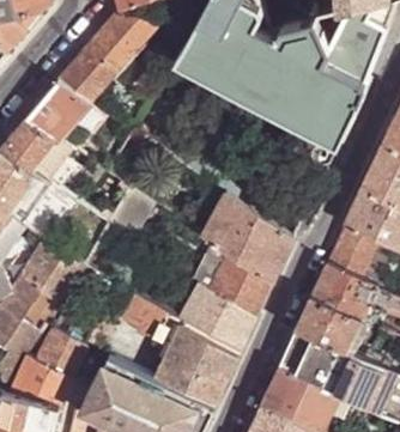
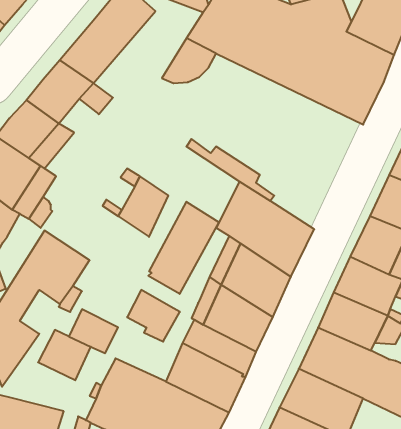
building: none -> [148,202,219,294]
building: [8,358,71,408] -> none

